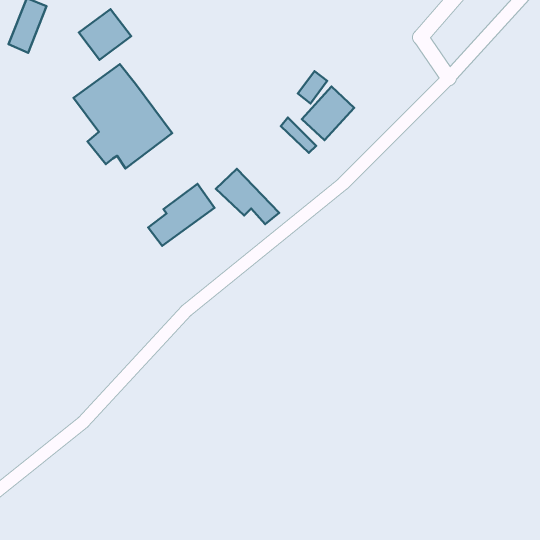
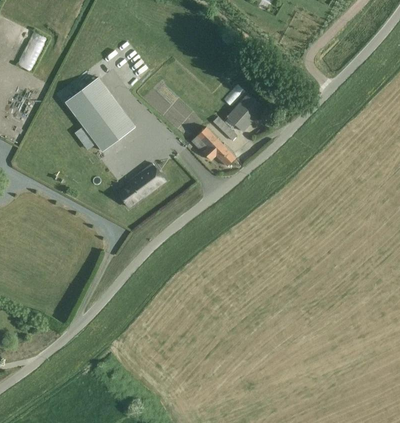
building: [79,9,131,60] -> none
building: [216,169,279,224] -> [191,126,236,165]

